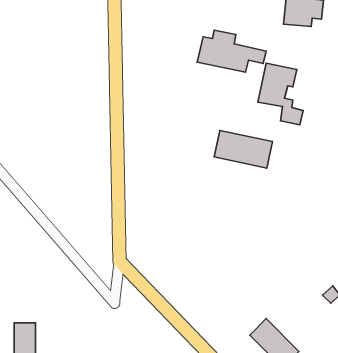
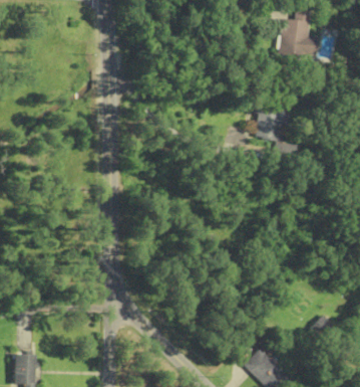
building: [197,30,266,72] -> none
building: [214,130,273,168] -> none

